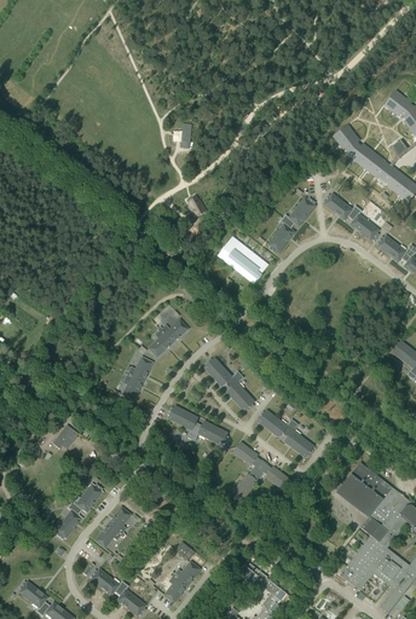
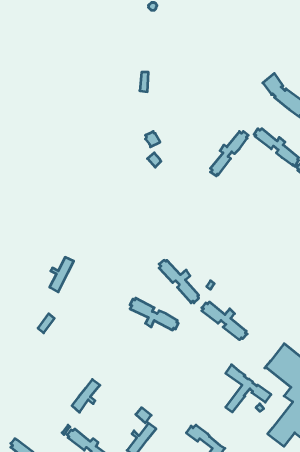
building: [218,236,268,283] -> none
building: [149,319,187,357] -> none
building: [122,357,152,400] -> [50,257,74,292]
building: [233,441,290,501] -> [226,365,271,412]
building: [56,484,103,539] -> none

